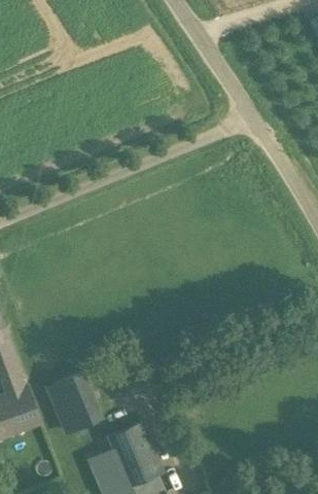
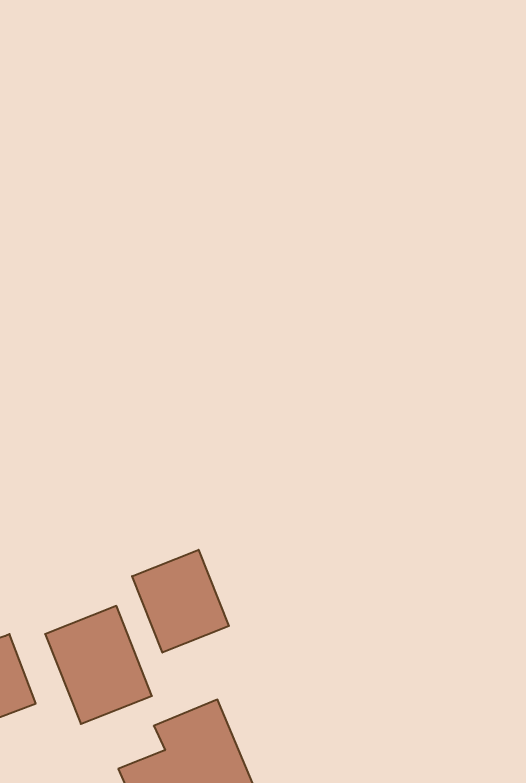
building: none -> [132,550,229,653]

